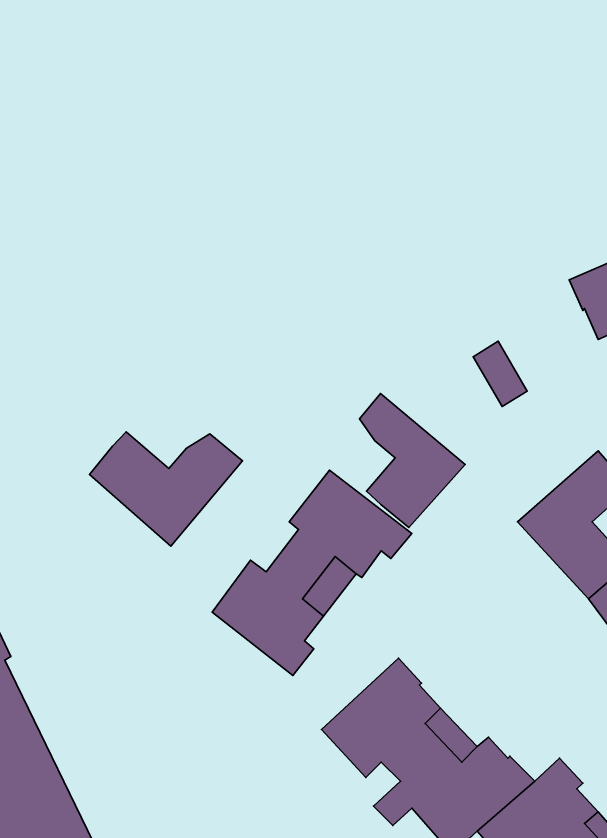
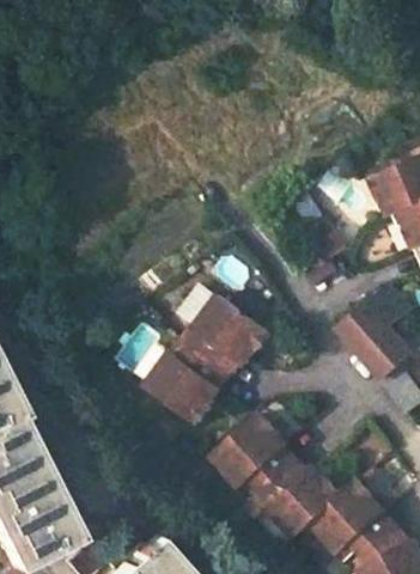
building: [359,393,465,527] -> none
building: [89,432,242,546] -> none

